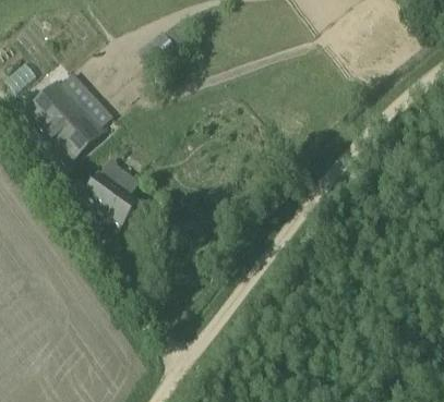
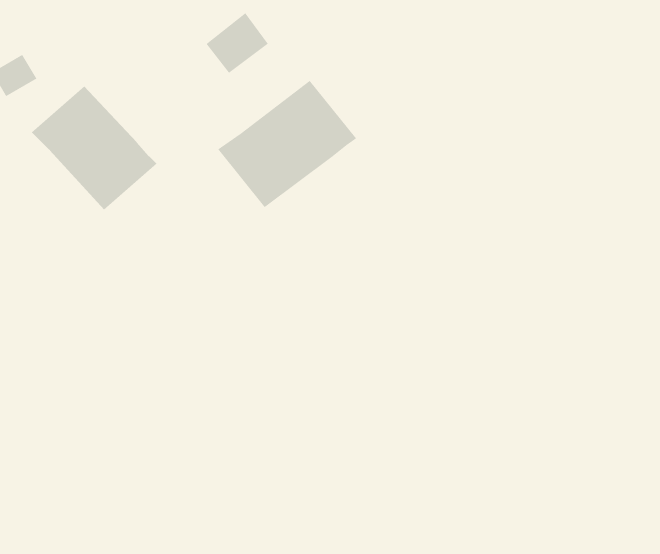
building: none -> [217,80,357,208]
building: [82,155,143,220] -> none

